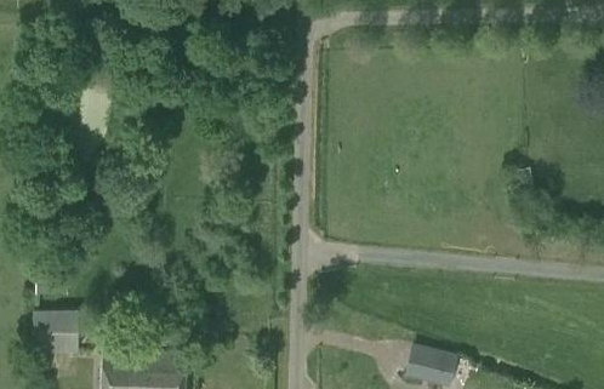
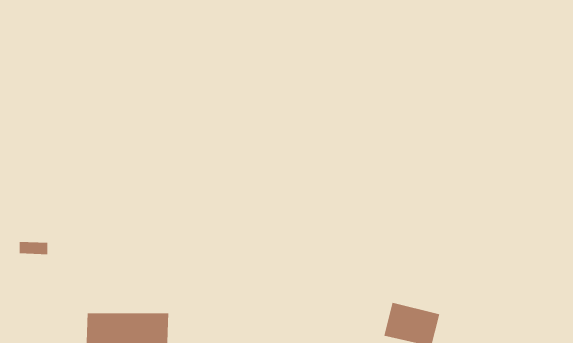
building: [33,309,79,351] -> none

